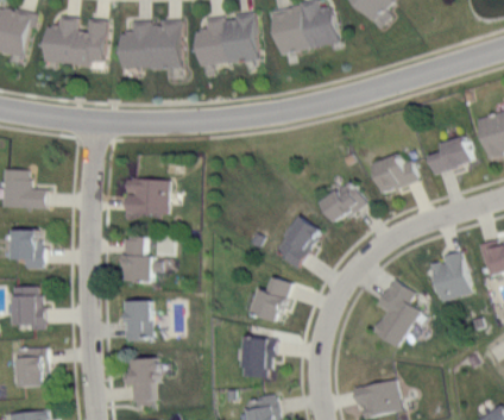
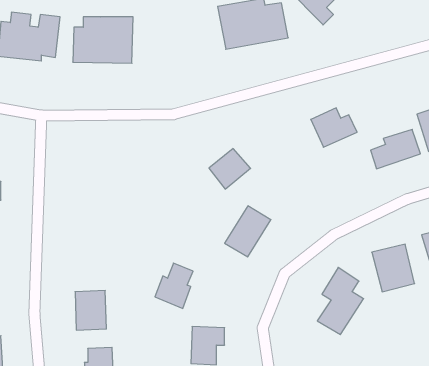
building: [196,13,259,64] -> none
building: [372,153,420,194] -> [311,108,357,147]
building: [125,178,170,214] -> none
building: [323,181,366,222] -> [209,149,251,189]
building: [122,237,160,282] -> none
building: [253,275,292,321] -> [155,263,193,308]

